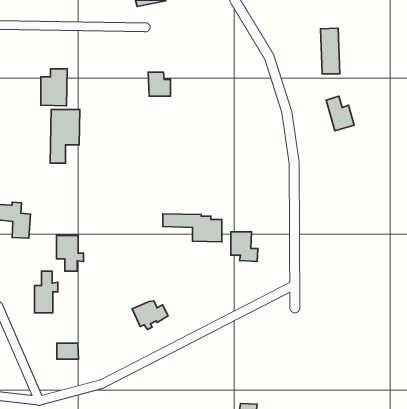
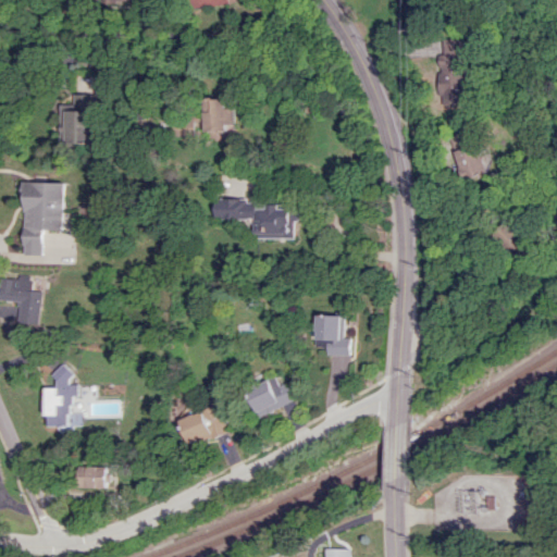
building: [50,109,80,163] -> [21,183,61,256]
building: [163,214,222,242] -> [212,201,293,239]
building: [57,235,84,271] -> none
building: none -> [246,377,295,418]

